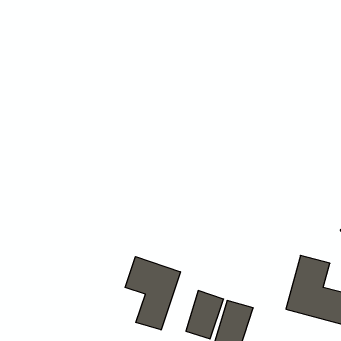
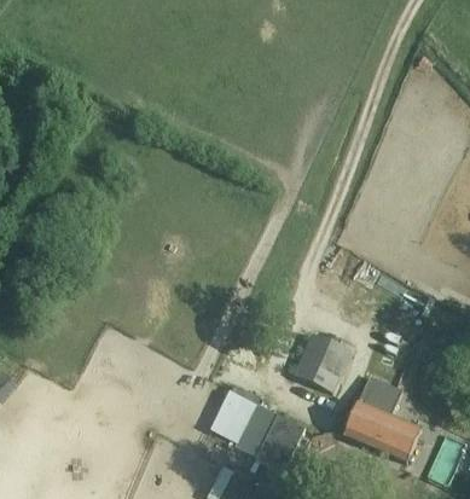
building: none -> [292,332,348,391]
building: [125,257,180,330] -> none

